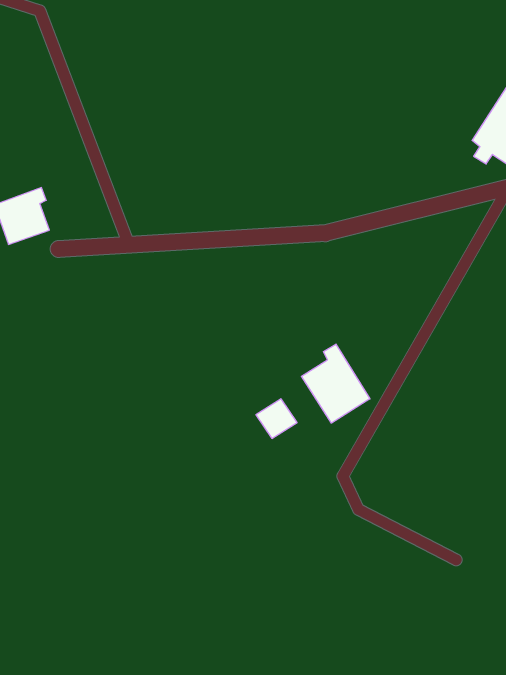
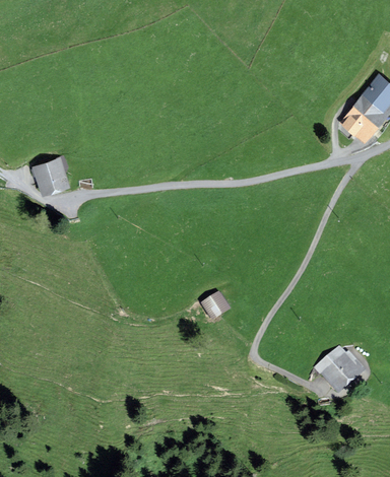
building: [301,344,370,423] -> none
building: none -> [315,346,360,389]

